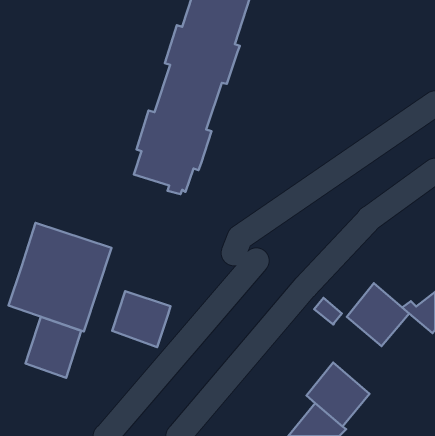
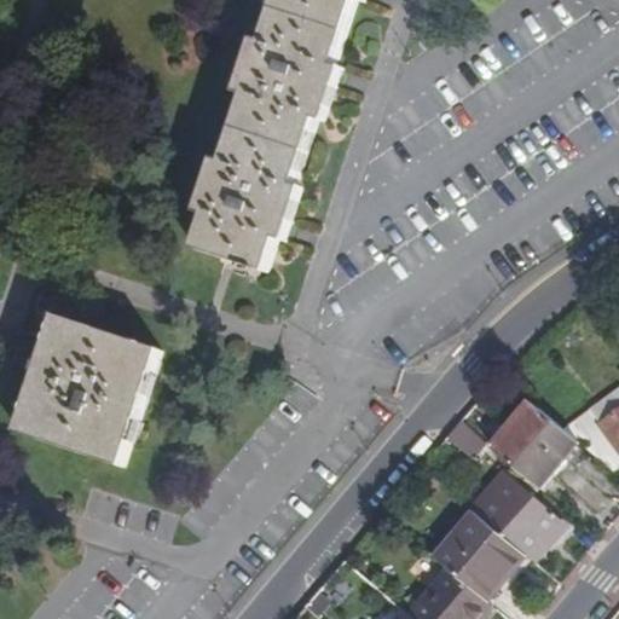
building: [112,291,171,347] -> none
building: [26,317,81,378] -> none
building: none -> [464,469,559,560]

